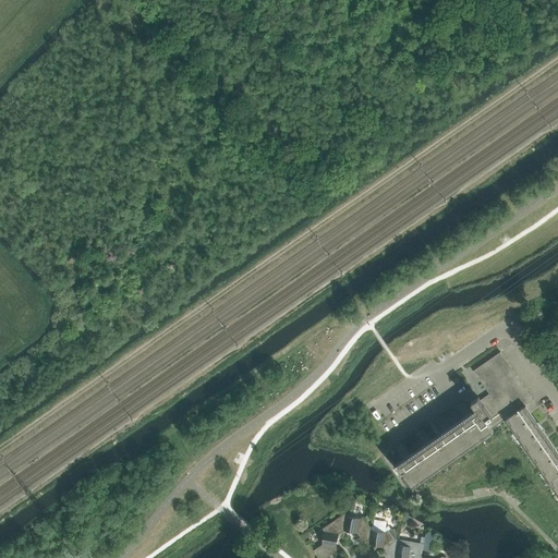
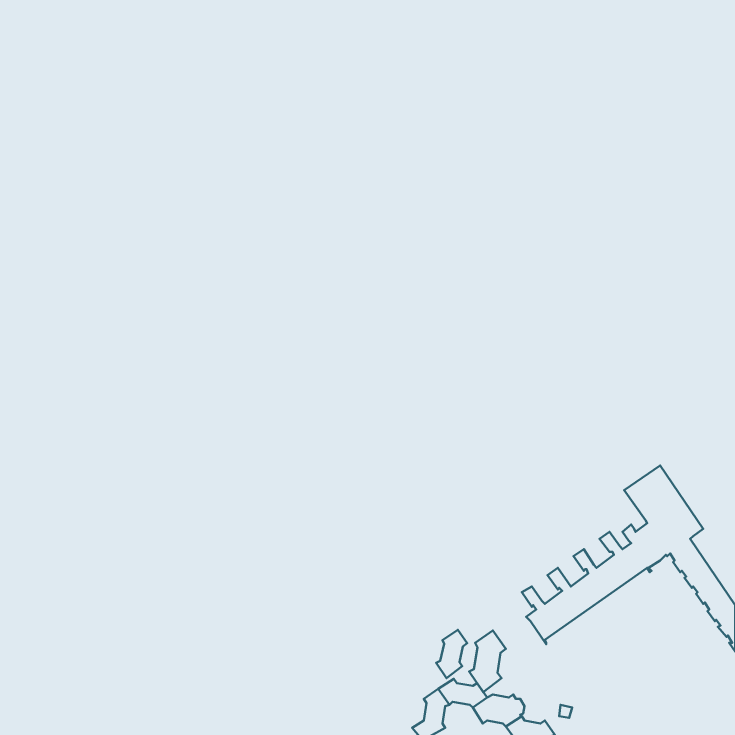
building: none -> [436,630,467,678]
building: none -> [469,631,506,692]

